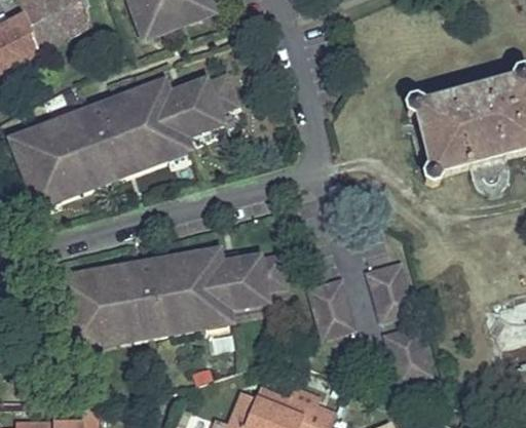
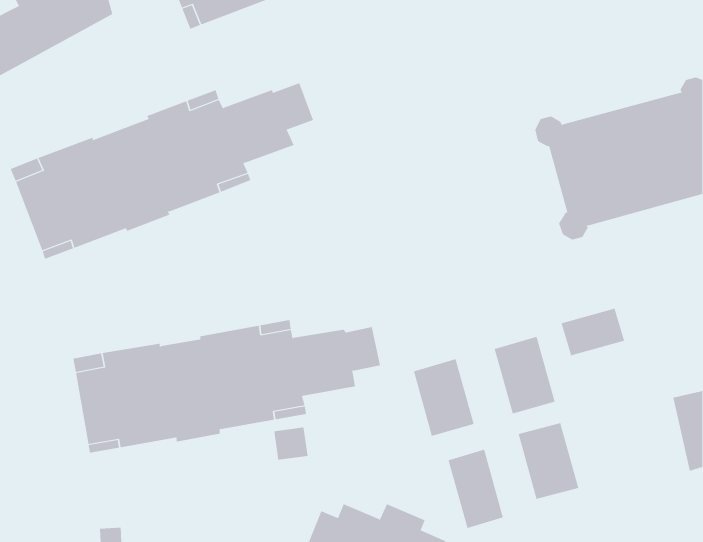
building: none -> [561,308,625,356]
building: none -> [448,449,504,529]

